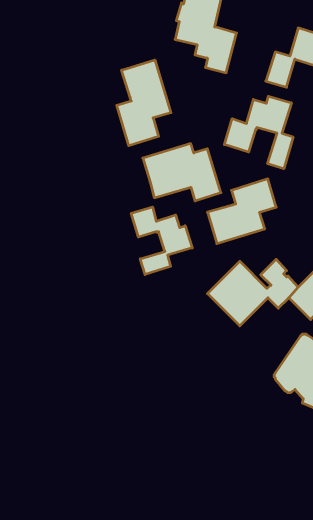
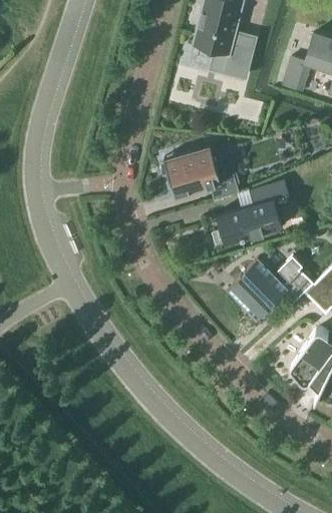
building: [117,60,171,146] -> none
building: [224,96,293,169] -> none
building: [131,207,192,275] -> none

